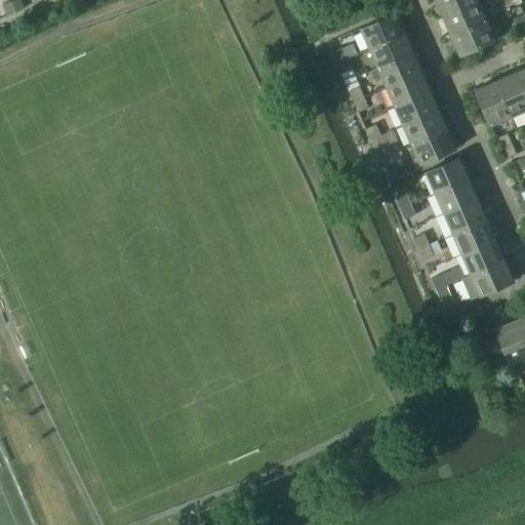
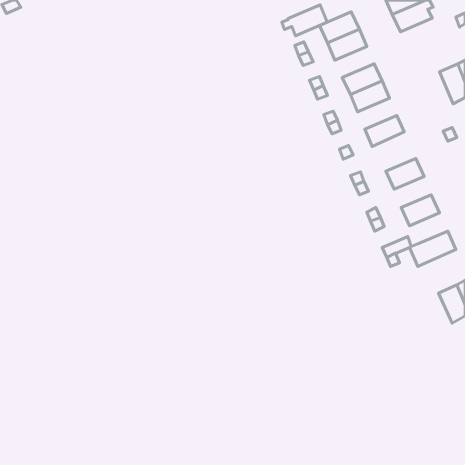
building: [451,21,495,56] -> none
building: [370,52,421,87] -> [282,5,327,36]
building: [475,81,511,126] -> none
building: [403,111,447,146] -> none
building: [426,158,469,193] -> none
building: [444,199,486,234] -> none
building: [461,240,504,275] -> none

